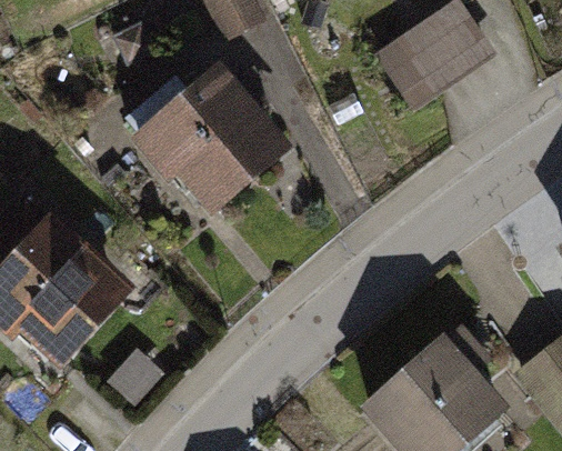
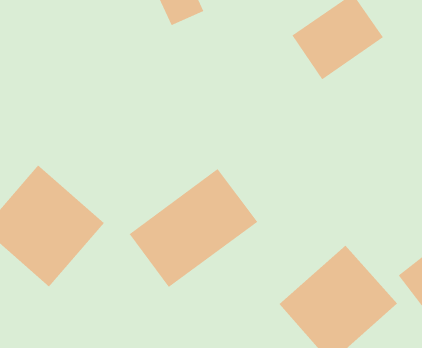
building: [134,70,291,218] -> none
building: none -> [129,168,258,288]

